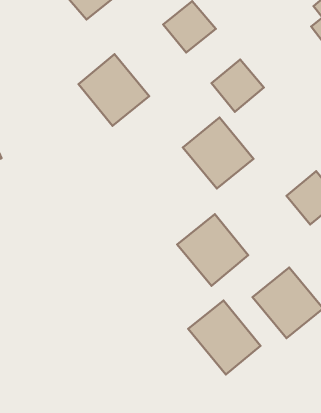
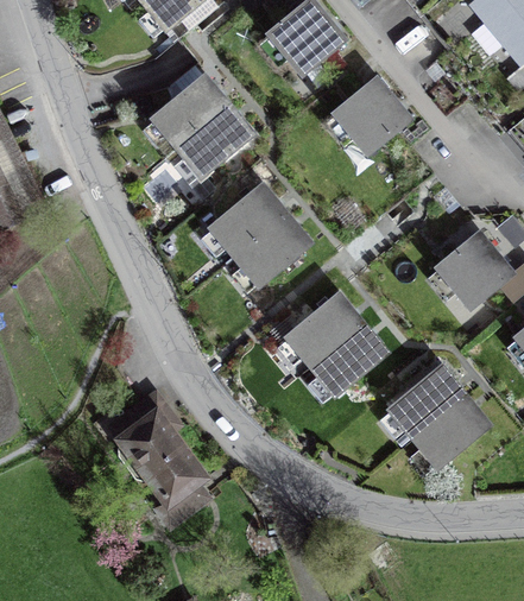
building: [183,118,253,188] -> [212,183,308,279]
building: none -> [116,407,214,511]
building: [188,301,260,374] -> none

